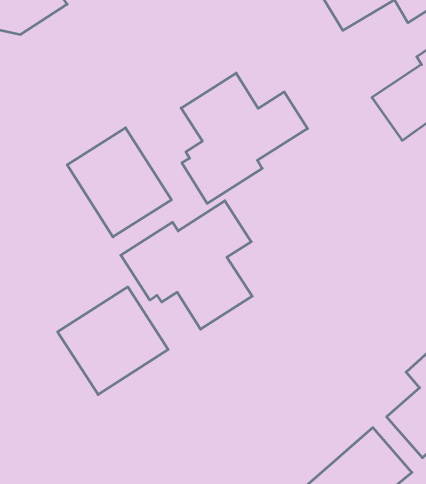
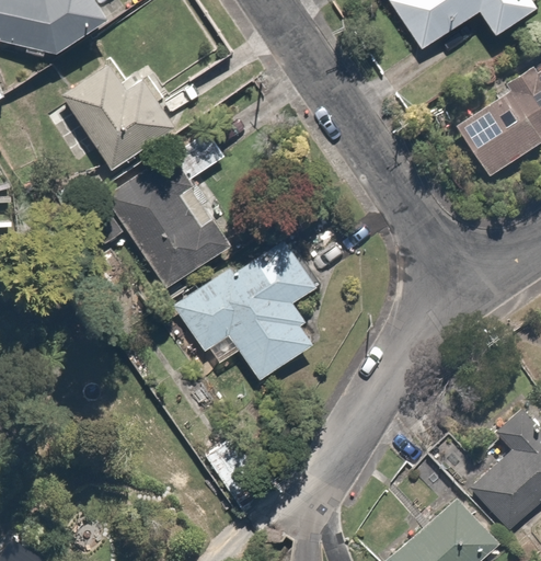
building: none -> [62,65,173,167]
building: [181,73,308,203] -> none
building: [58,287,168,395] -> none

